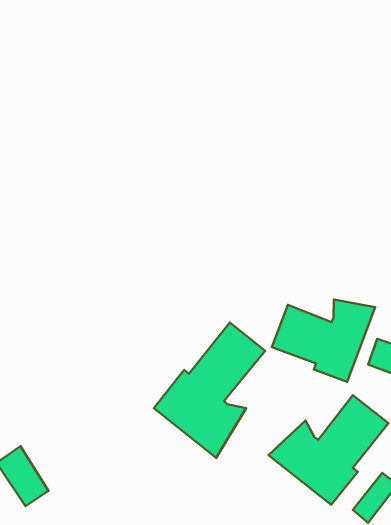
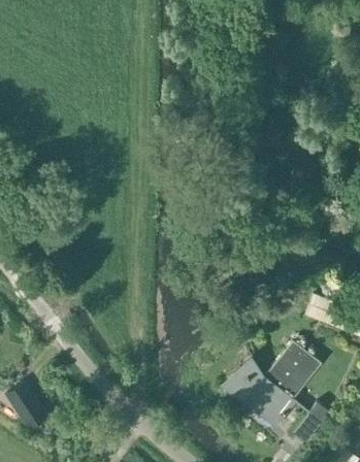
building: [272,300,375,382] -> none
building: [154,322,265,458] -> none

